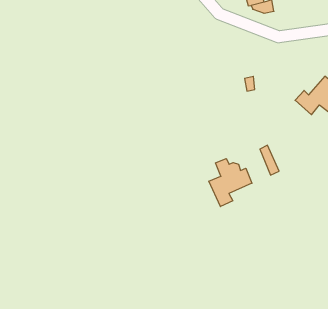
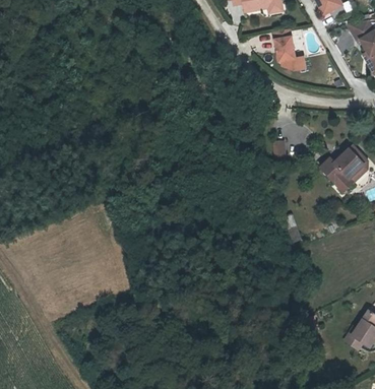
building: [209,159,252,207] -> none

